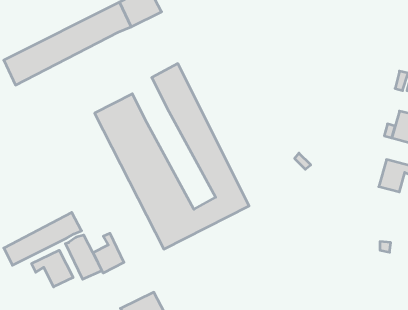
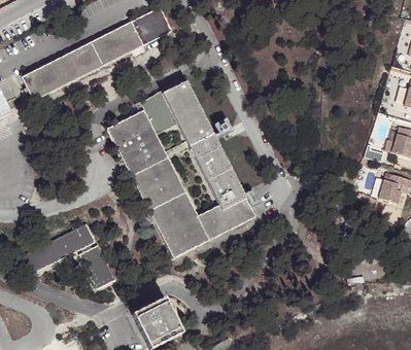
building: none -> [139,91,176,134]
building: [93,233,124,273] -> none
building: [32,250,73,287] -> none

